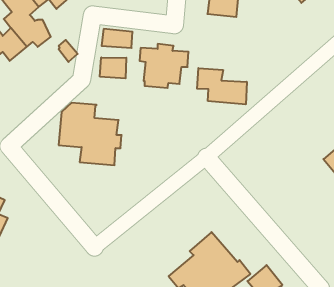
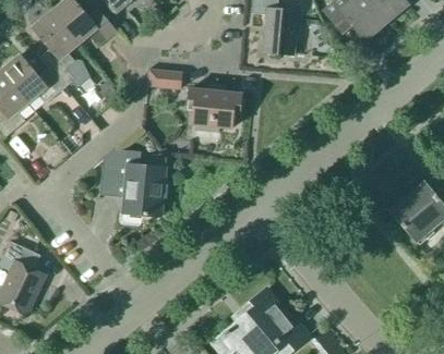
building: [100,57,126,78] -> none
building: [197,68,247,104] -> none

